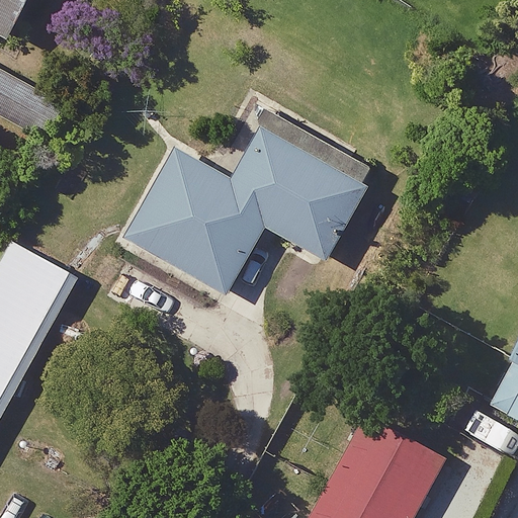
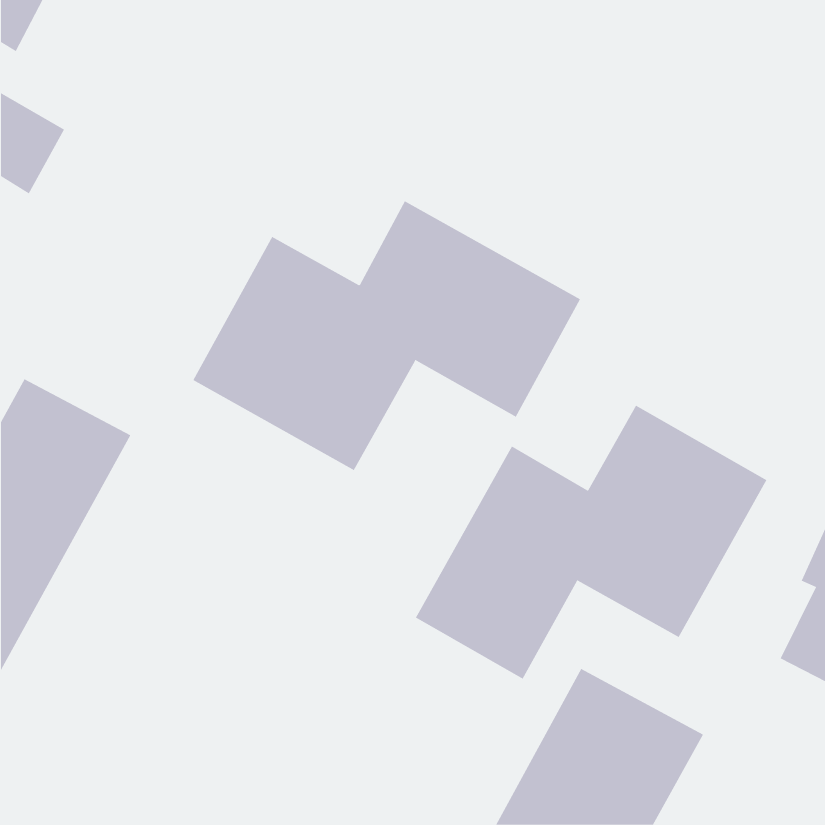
building: none -> [415,405,767,680]

